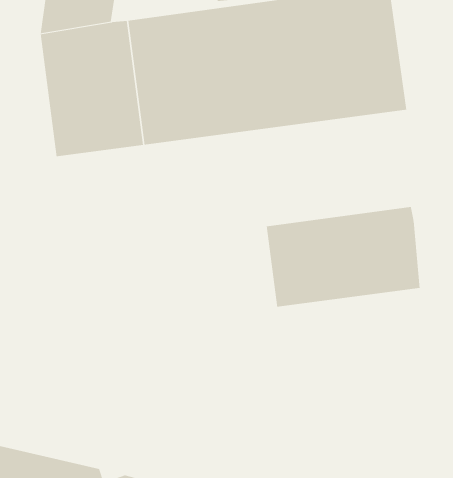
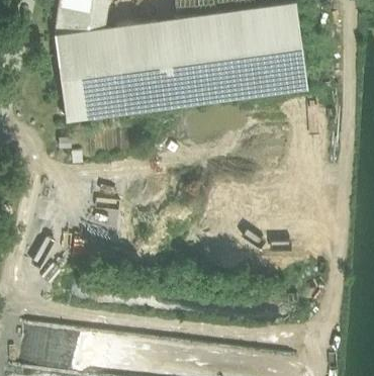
building: [266,206,420,308] -> none

